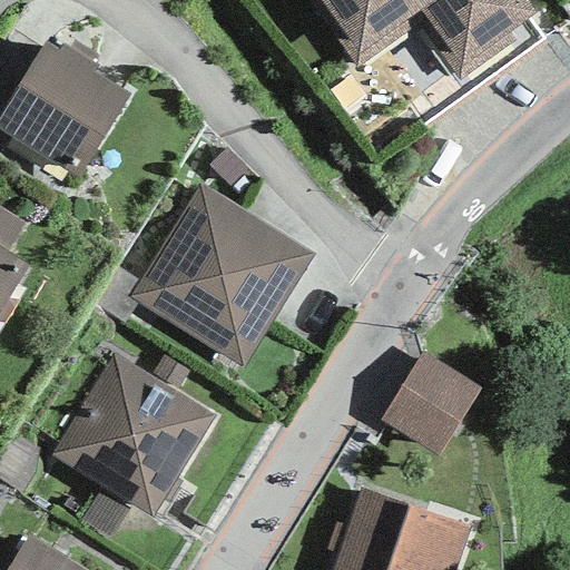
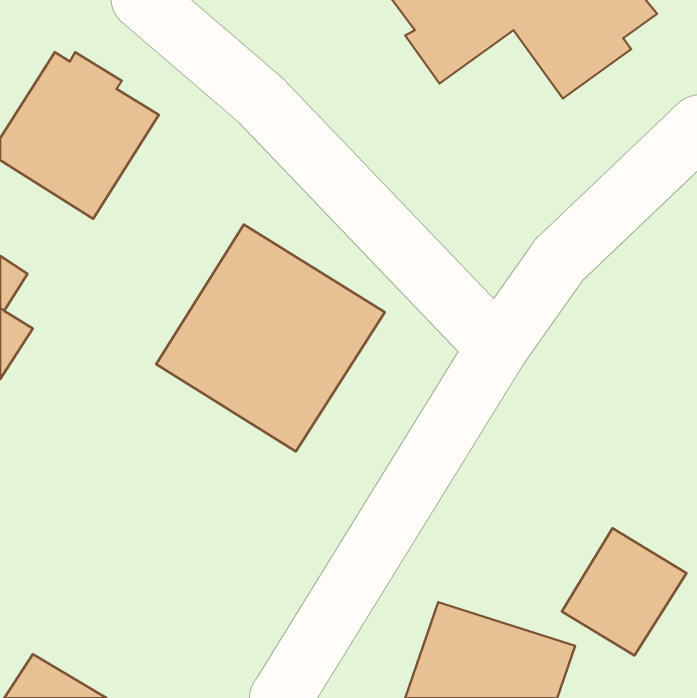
building: [382,351,483,454] -> [562,528,687,655]
building: [52,353,217,518] -> none

